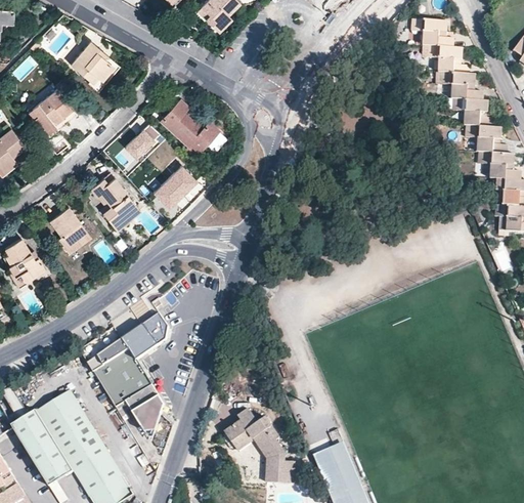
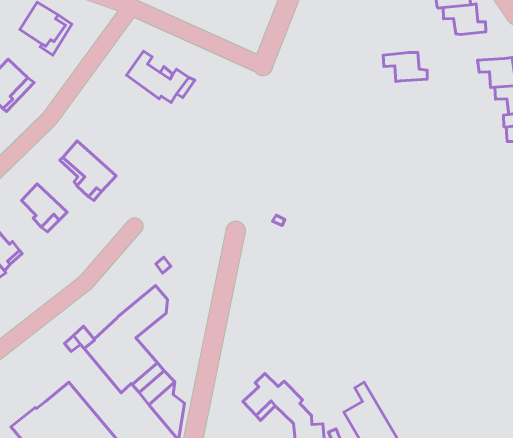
building: [126,123,160,158] -> none
building: [469,126,508,154] -> [383,52,427,82]
building: [152,165,195,207] -> none

